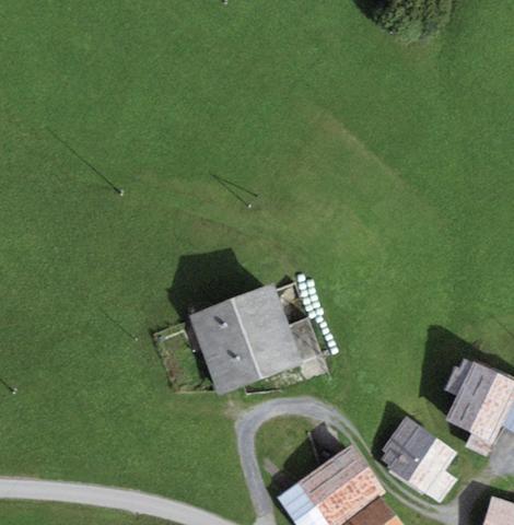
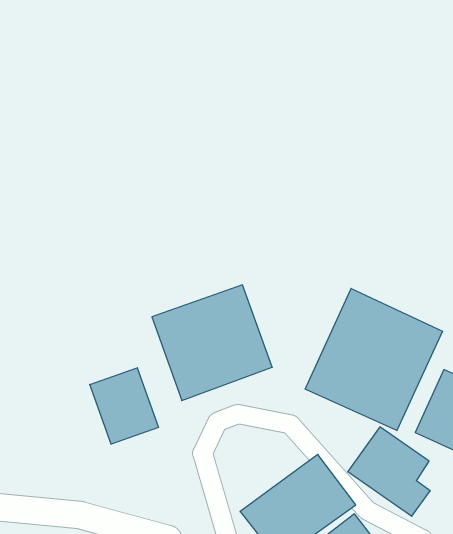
building: none -> [305,288,443,431]
building: none -> [90,368,158,444]

